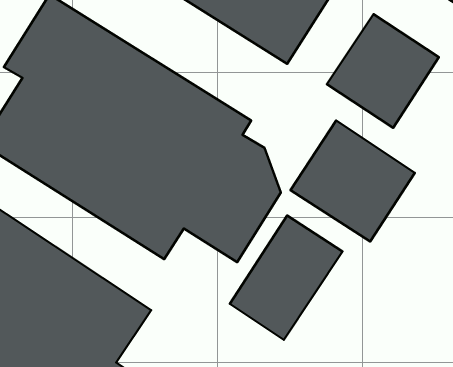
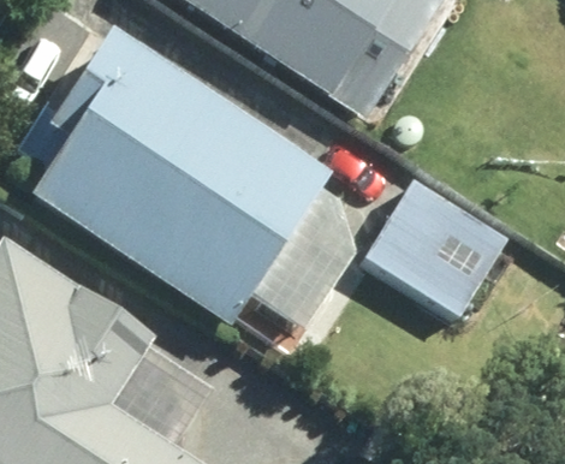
building: [327,14,439,128] -> none
building: [230,215,342,340] -> none

